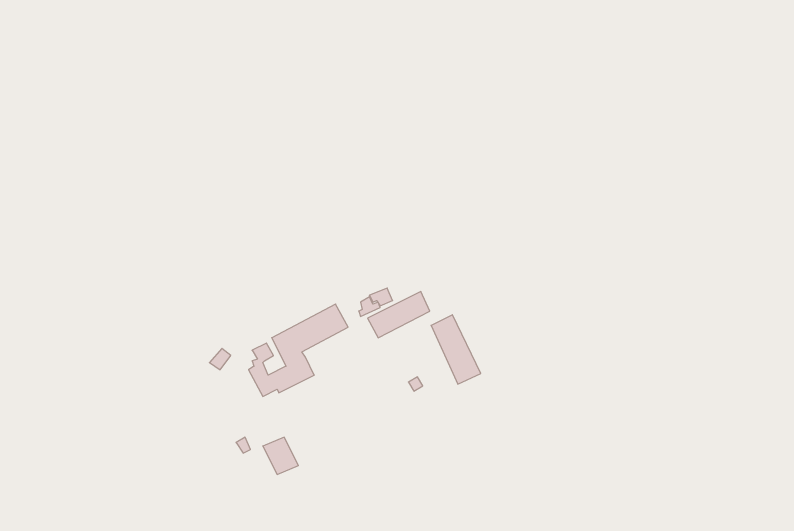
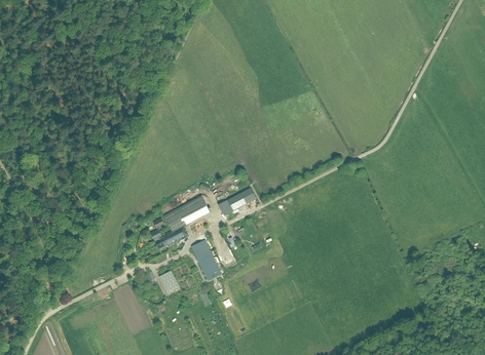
building: [431,315,481,384] -> [192,240,221,280]

